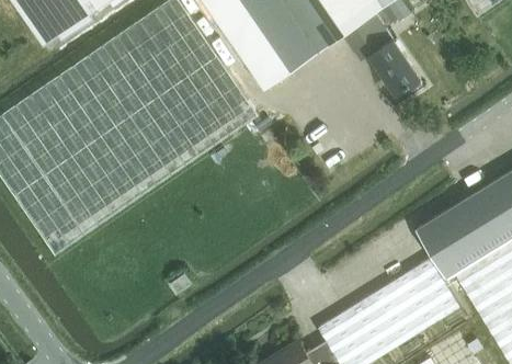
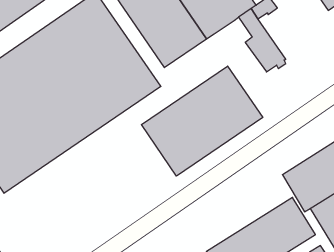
building: none -> [141,66,263,176]

